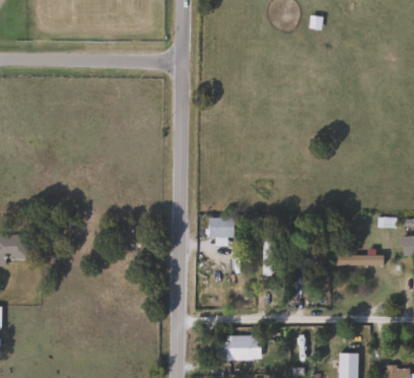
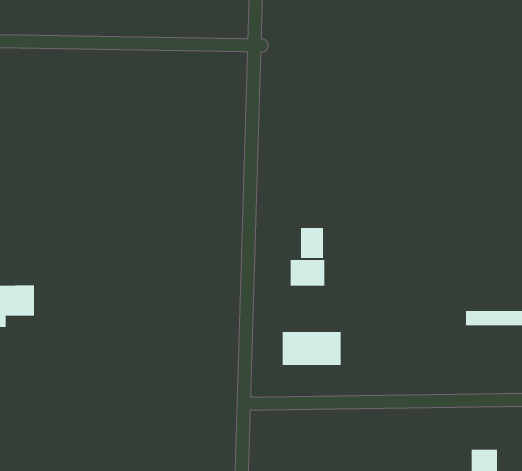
building: none -> [300,227,323,259]
building: [218,335,261,360] -> [282,331,341,365]

